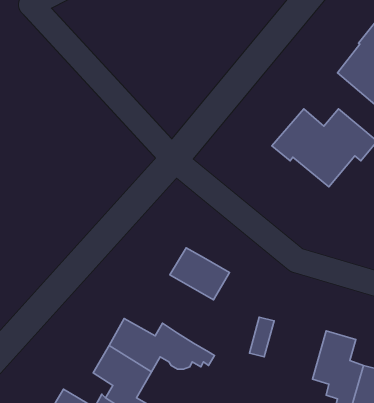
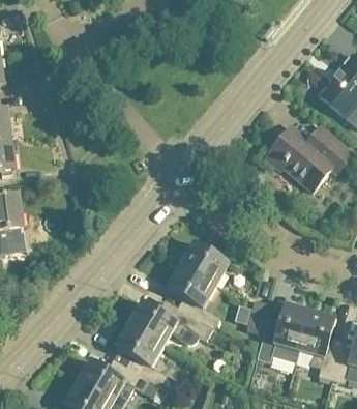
building: none -> [167,264,220,328]
building: none -> [256,303,310,362]

